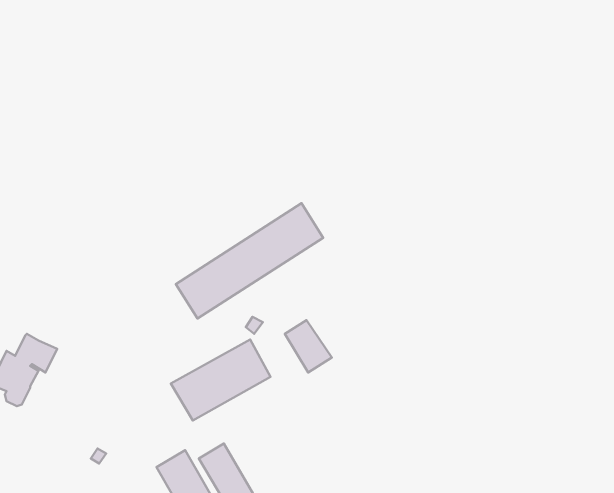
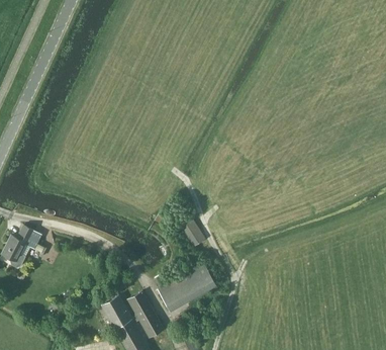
building: [176,203,323,319] -> none
building: [171,340,270,421] -> [157,263,216,312]

